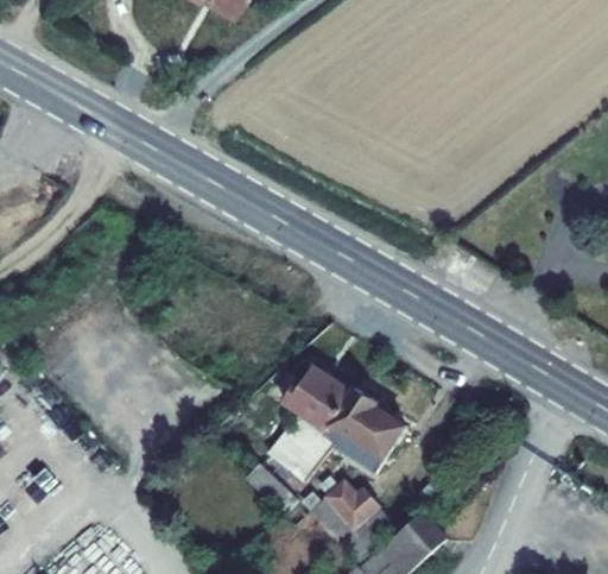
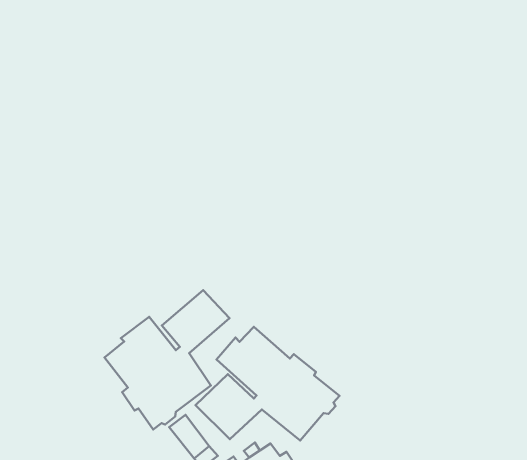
building: none -> [104,290,229,430]

